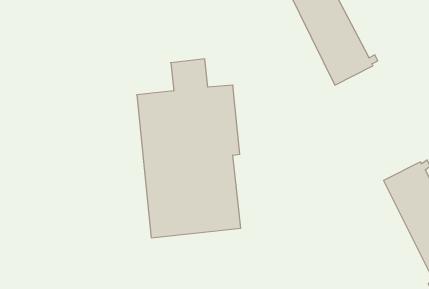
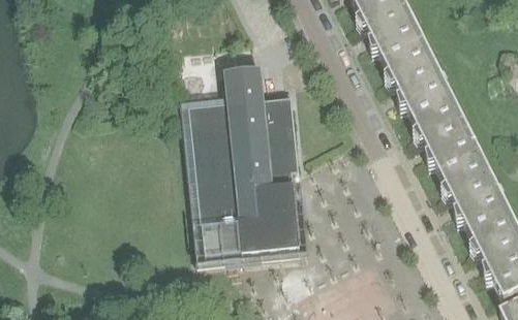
building: none -> [401,75,492,197]

